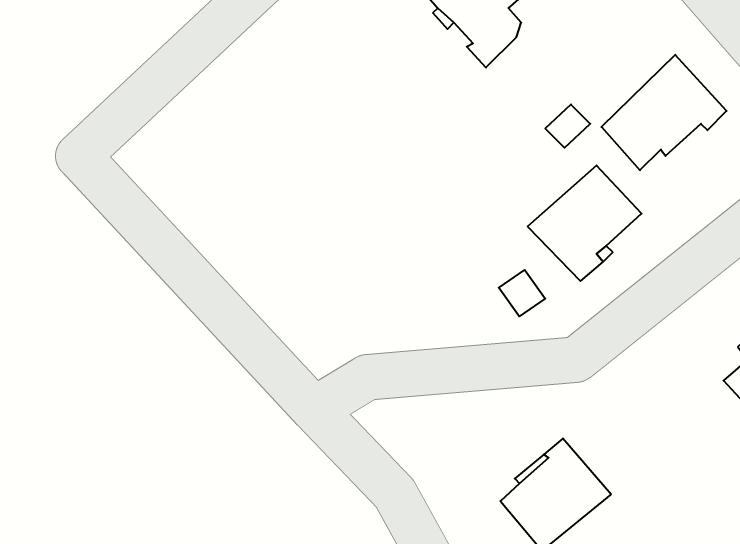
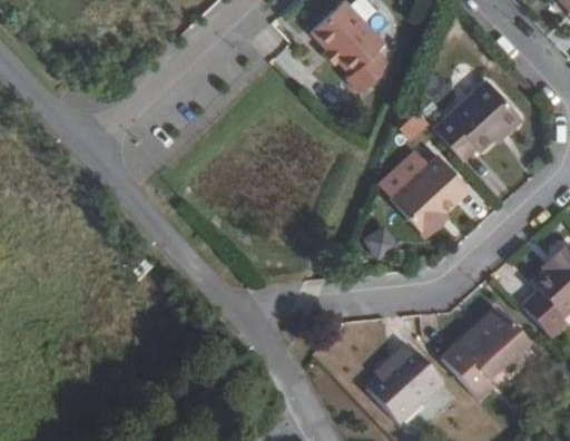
building: none -> [443,310,527,400]

